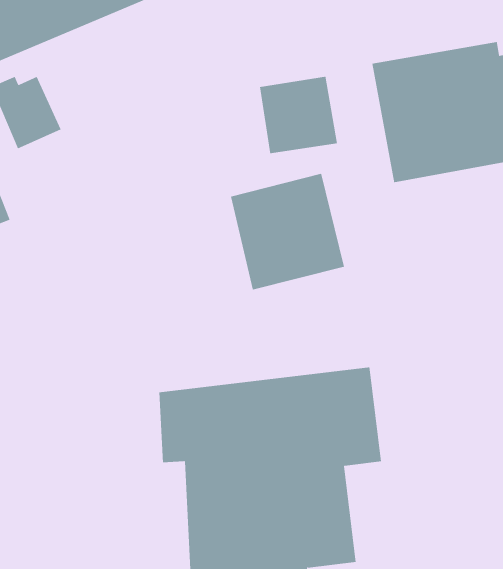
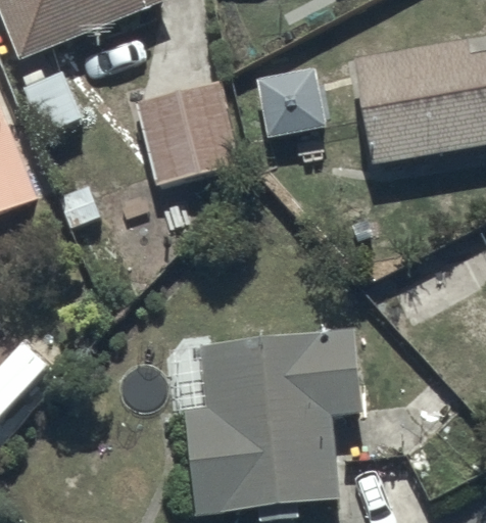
building: [230,173,345,290] -> [138,82,239,185]

